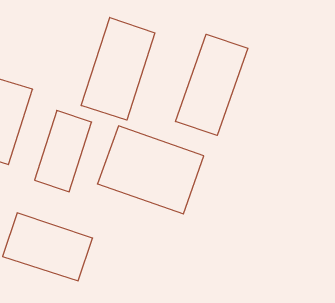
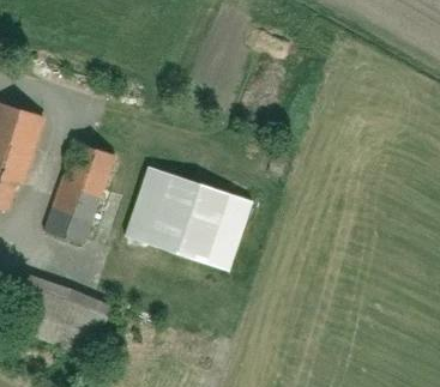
building: [81,17,155,120] -> none
building: [176,34,248,135] -> none

